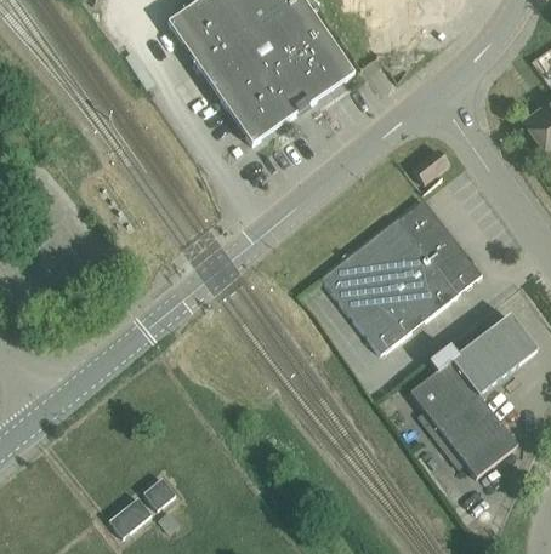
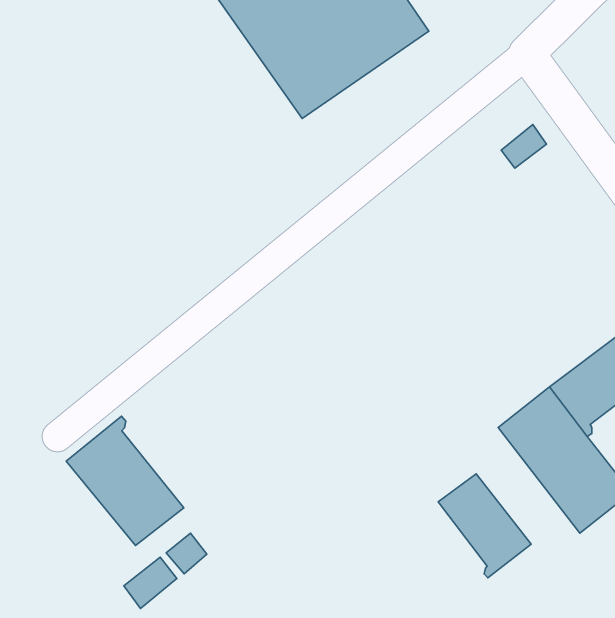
building: [322,198,482,352] -> none
building: none -> [66,416,184,546]
building: none -> [438,474,531,578]

